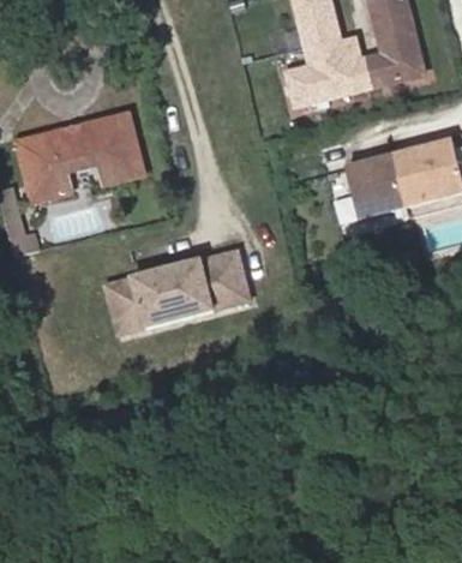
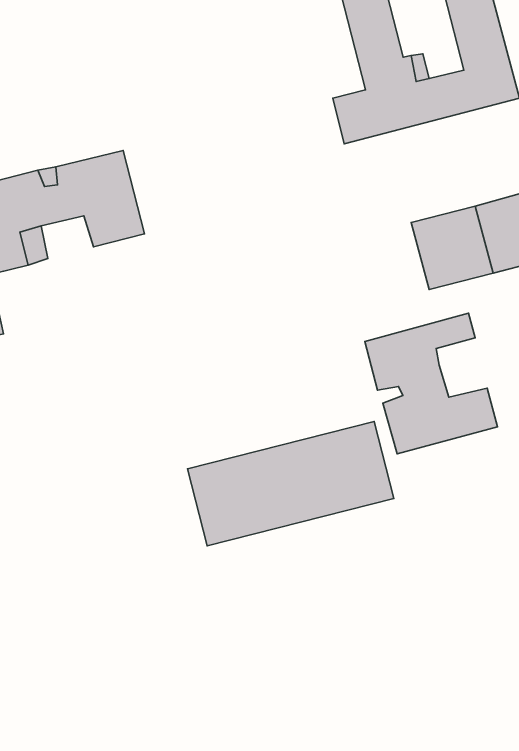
building: none -> [365,313,497,454]
building: [100,248,251,340] -> [188,422,394,546]

